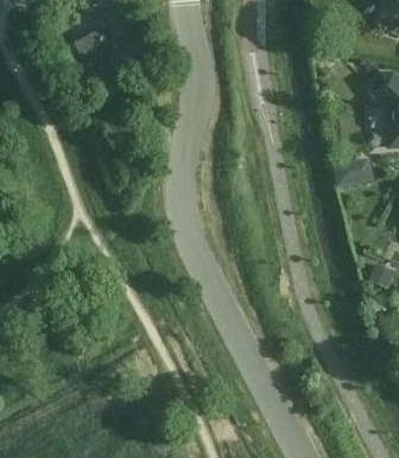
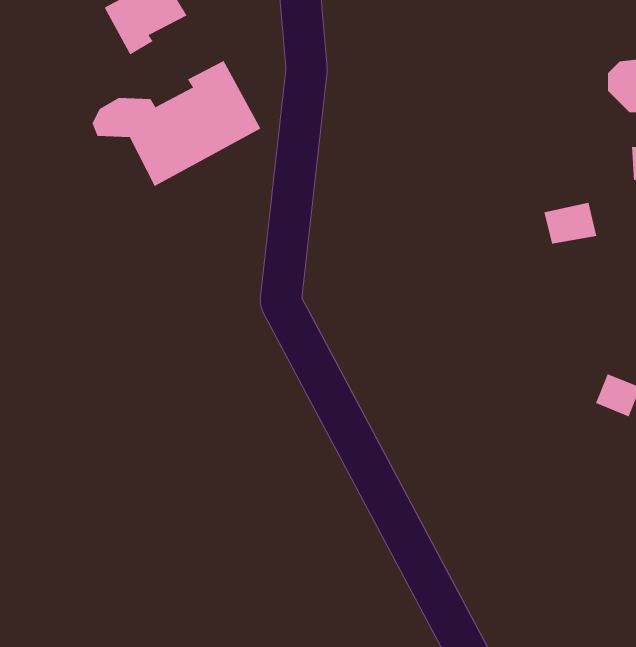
building: none -> [92,60,261,187]

